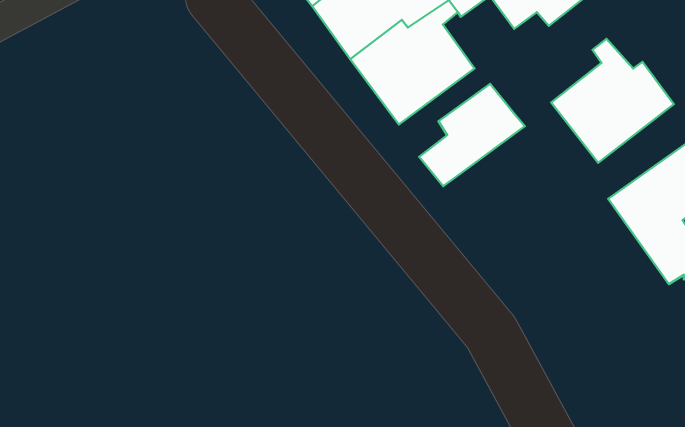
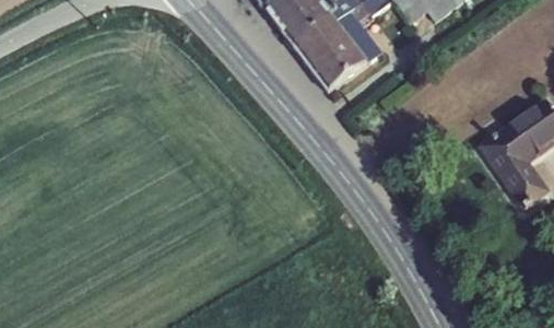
building: [551,39,674,163] -> none
building: [419,84,525,186] -> none

